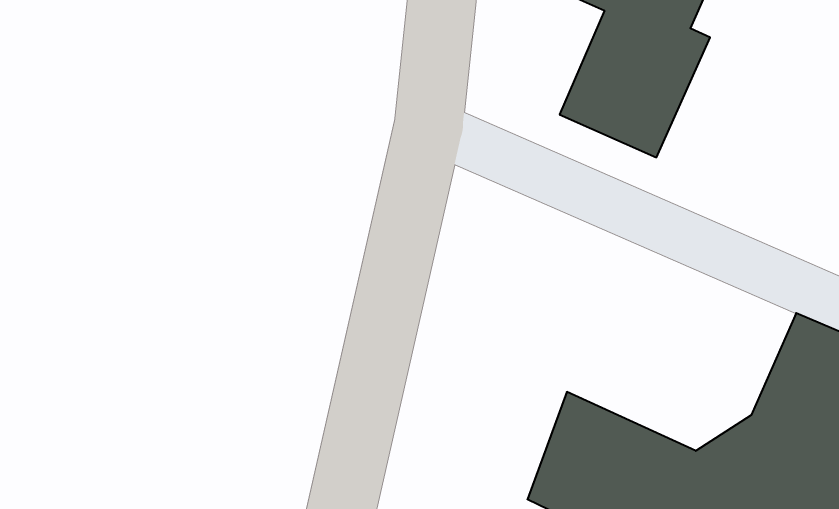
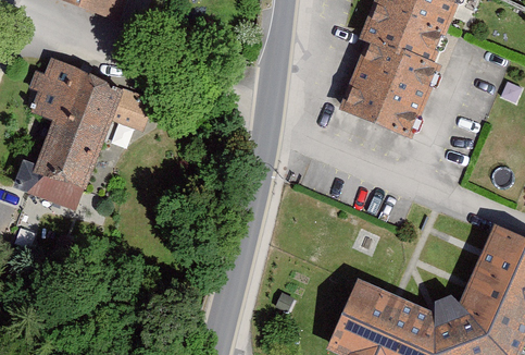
building: none -> [26,62,125,210]

